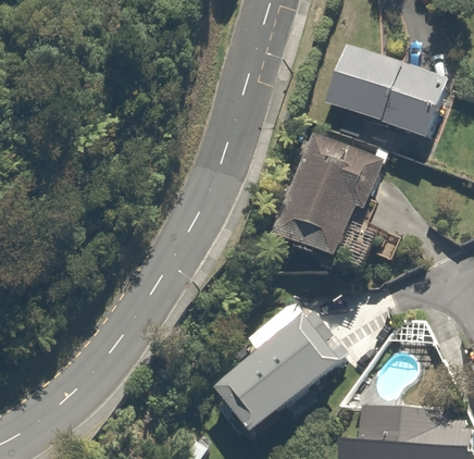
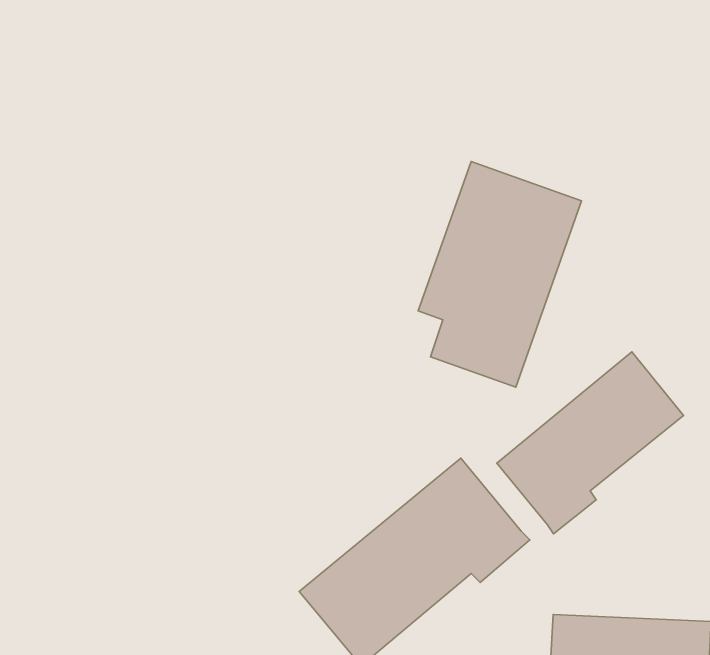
building: [324,42,446,137] -> none
building: none -> [497,352,684,534]

